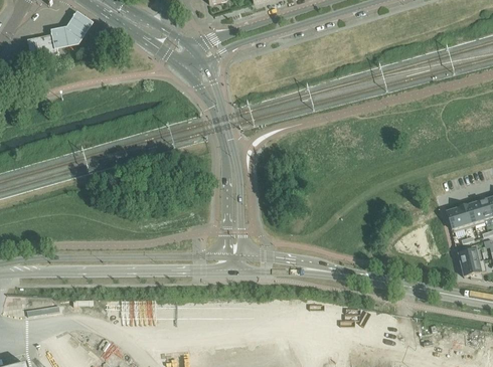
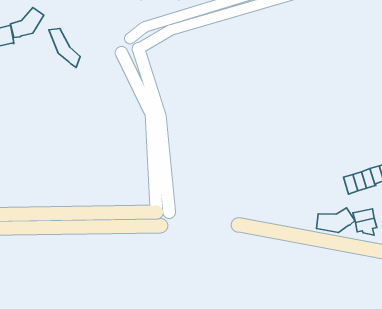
building: none -> [49,29,80,68]
building: none -> [317,208,355,233]

